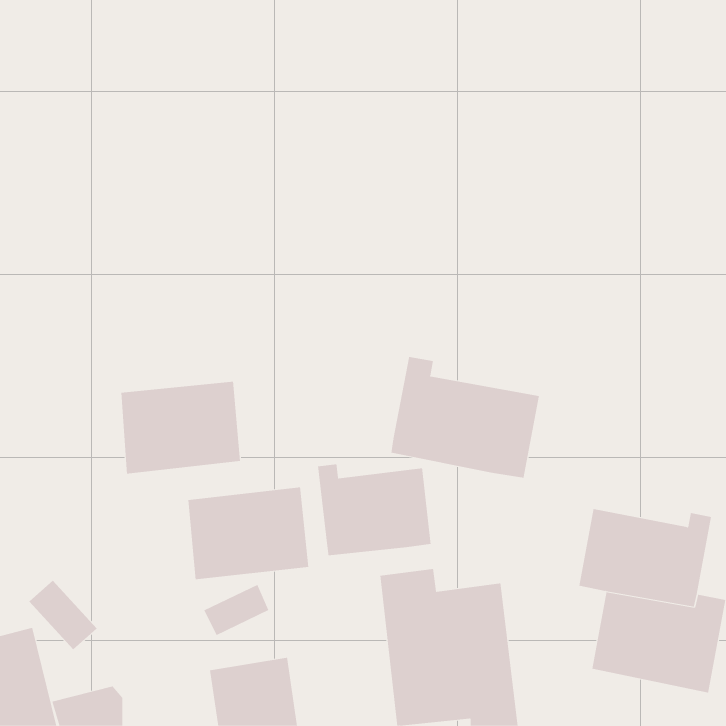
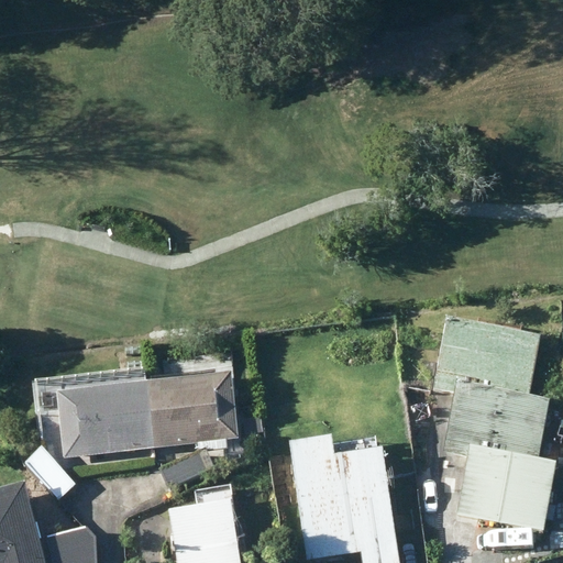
building: [391,356,540,479] -> none
building: [121,381,241,474] -> [57,384,150,455]
building: none -> [435,317,541,405]
building: [318,464,431,556] -> none

